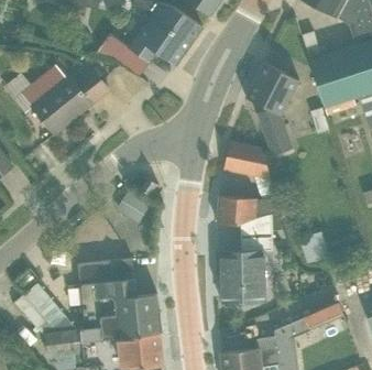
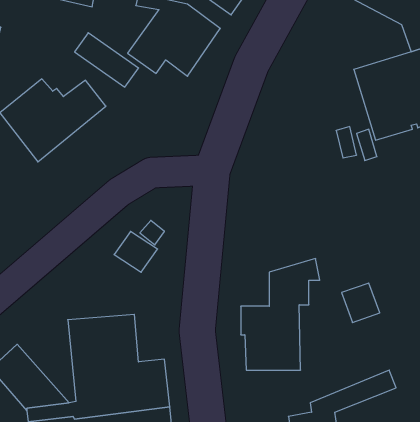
building: [244,61,299,156] -> none
building: [216,141,281,224] -> none

